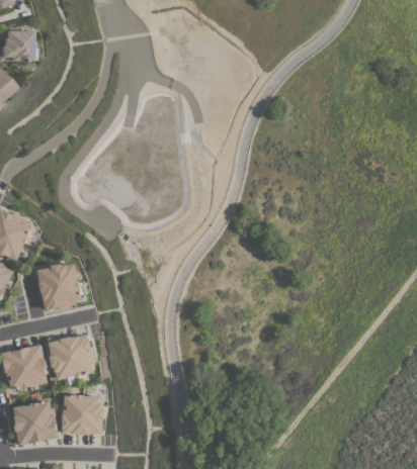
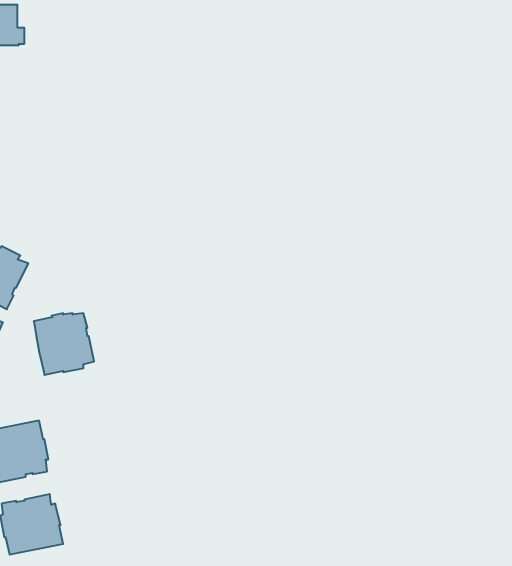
building: [49,334,95,381] -> none
building: [62,395,104,436] -> none

